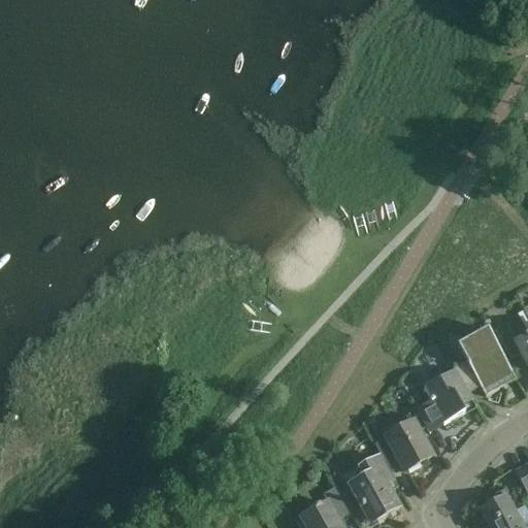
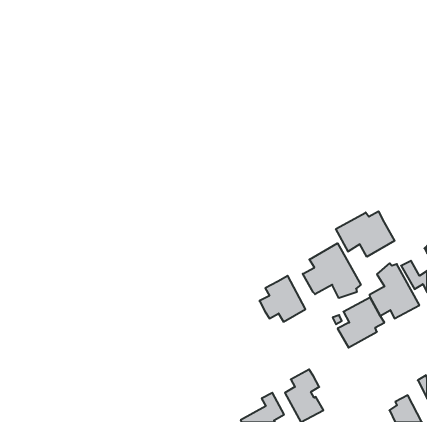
building: none -> [336,211,395,257]
building: none -> [303,243,361,298]
building: [374,411,431,468] -> [259,276,305,322]

